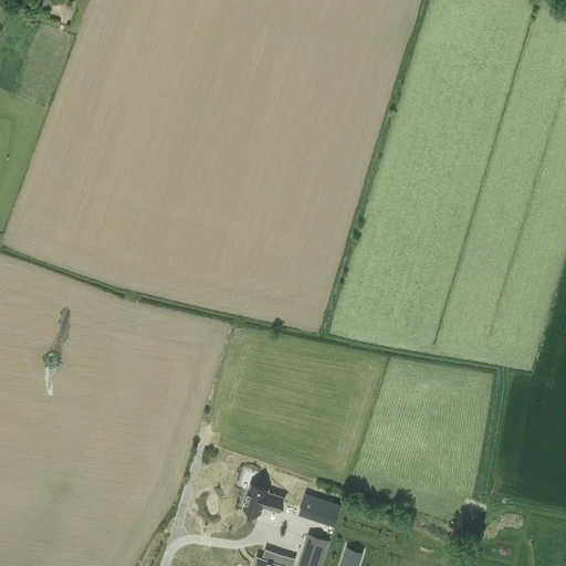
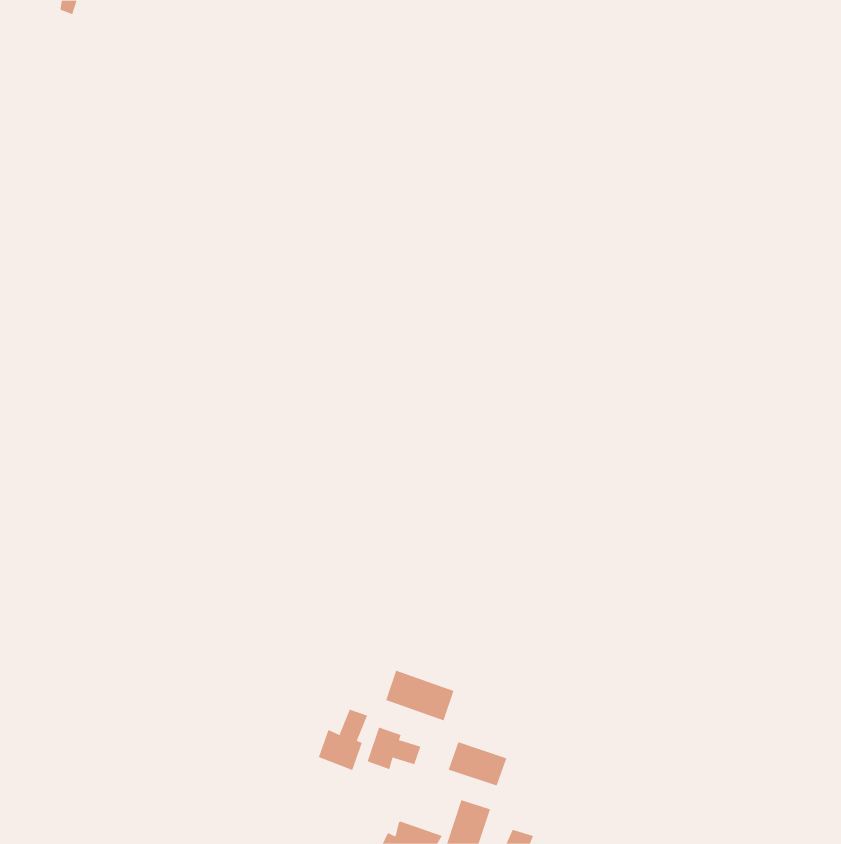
building: none -> [386,670,454,721]
building: none -> [318,709,368,771]

